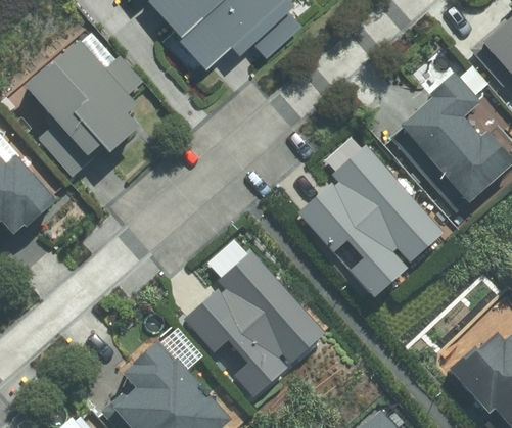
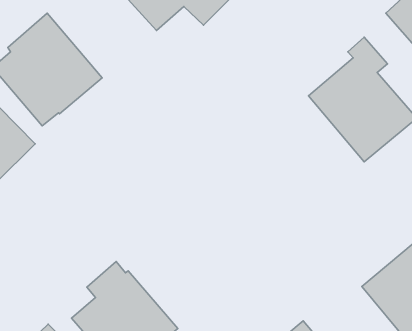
building: [307,151,446,295] -> none
building: [181,263,317,403] -> none

